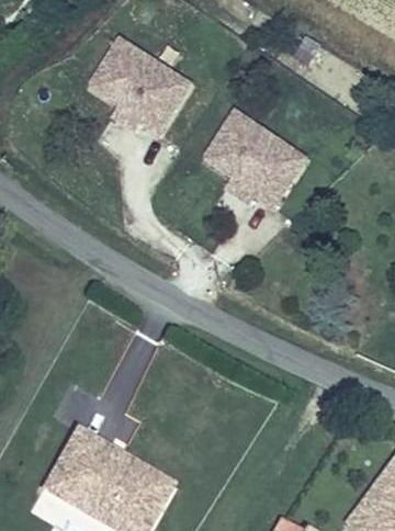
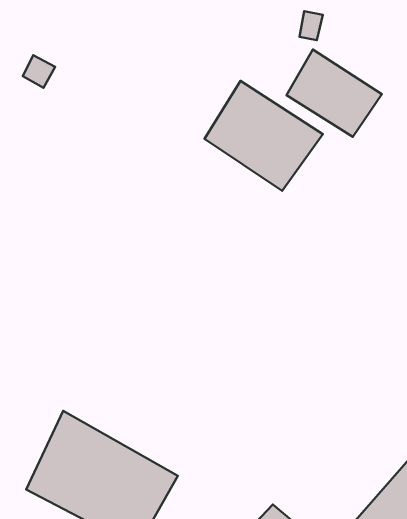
building: [86,35,198,142] -> none
building: none -> [287,49,382,137]

